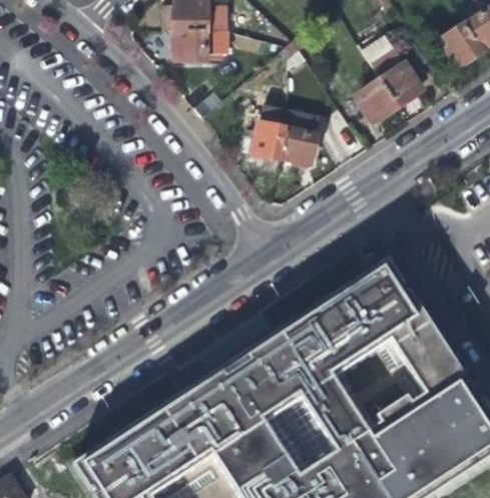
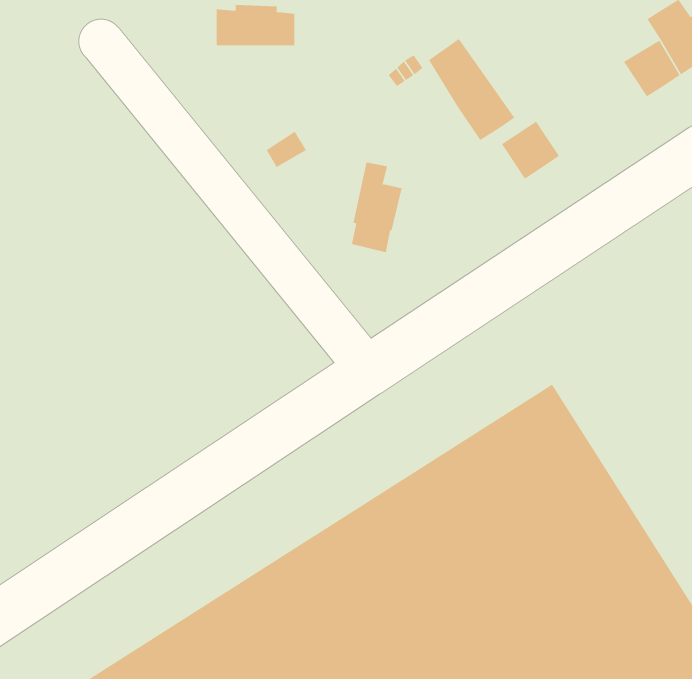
building: [176,32,227,61] -> none
building: [362,37,421,107] -> [428,38,515,141]
building: [283,117,318,165] -> none

